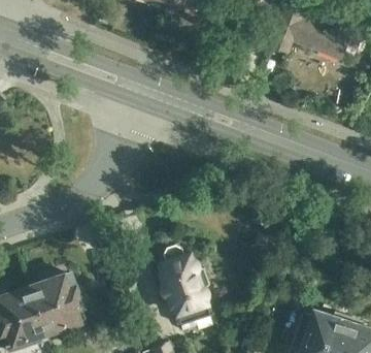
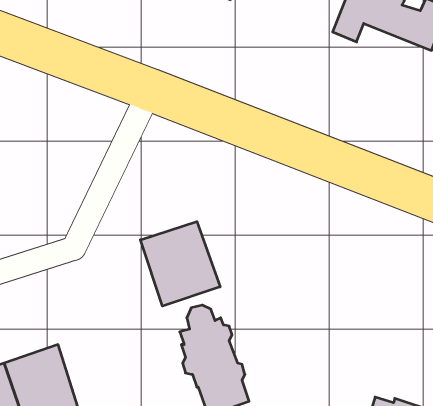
building: none -> [140,222,220,306]

